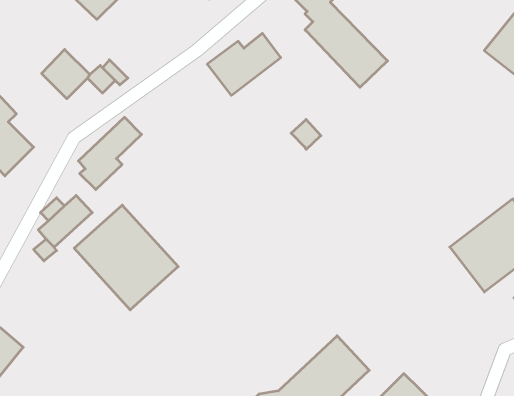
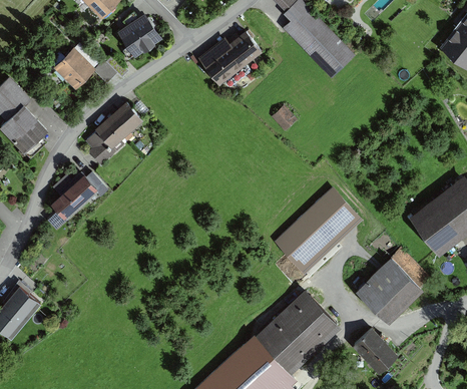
building: none -> [118,12,163,57]
building: [74,205,178,310] -> none
building: none -> [275,187,363,274]
building: none -> [359,250,428,319]

